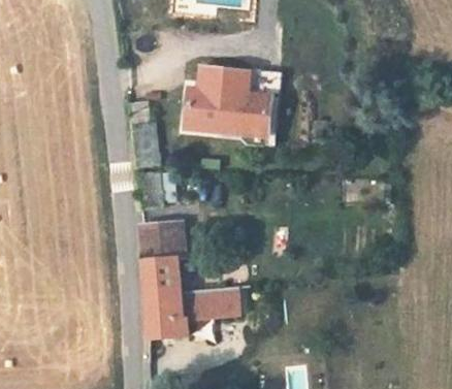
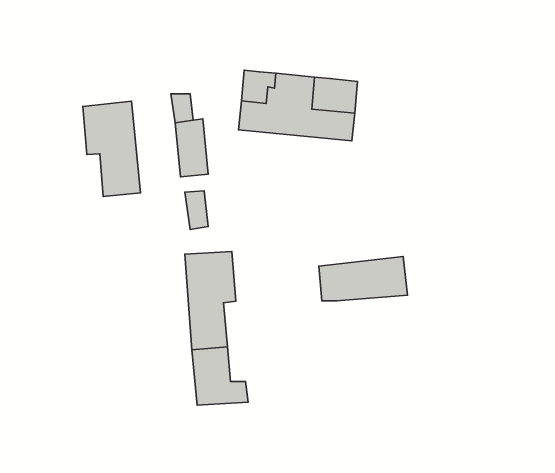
building: [197,66,251,93] -> none
building: none -> [83,101,141,197]
building: [173,286,239,319] -> [319,256,407,301]

